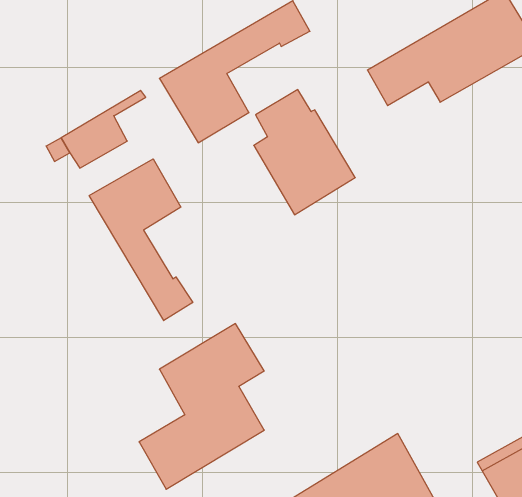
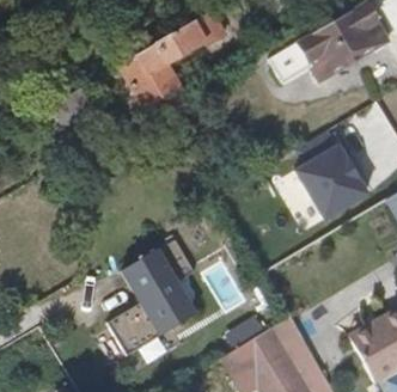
building: [254,90,355,215] -> [295,130,367,219]
building: [89,159,193,321] -> none

